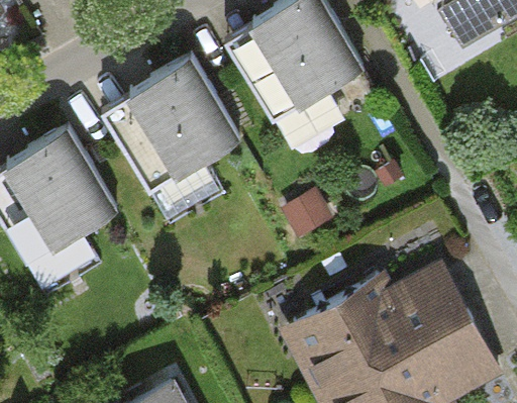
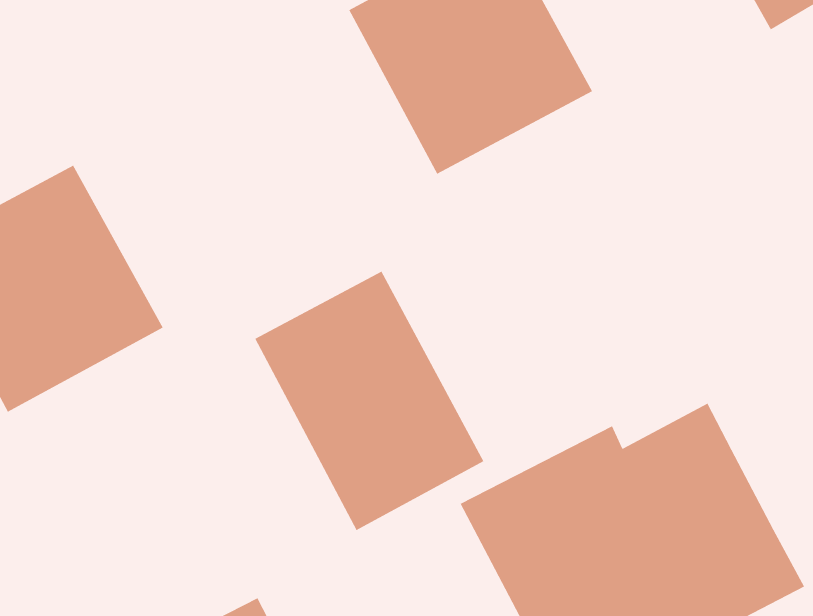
building: [102,57,244,201] -> none
building: none -> [254,270,485,531]

